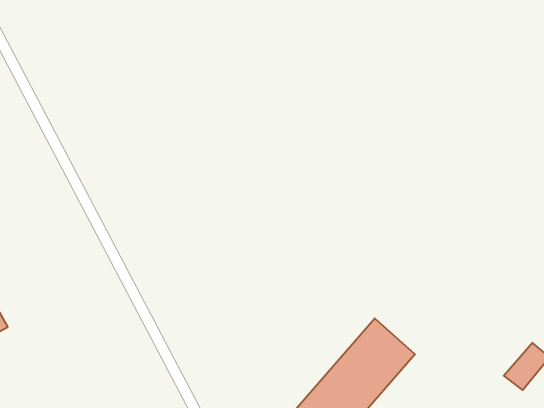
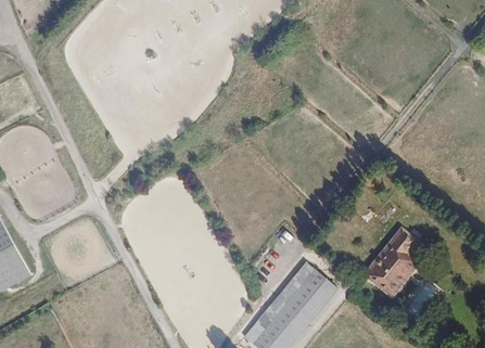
building: none -> [367,233,421,295]

